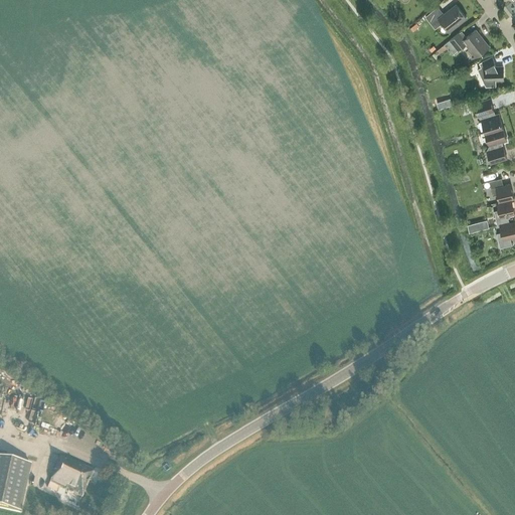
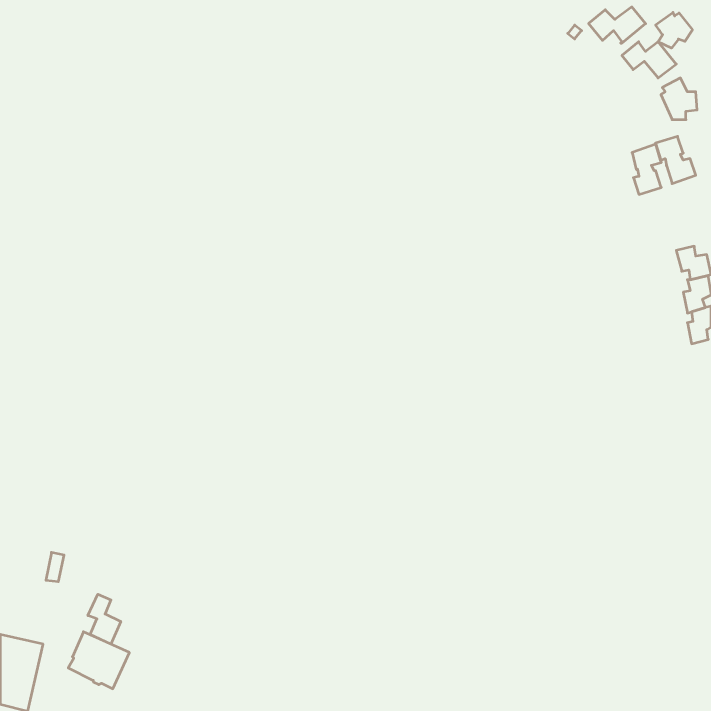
building: none -> [656,12,692,48]
building: [486,127,507,163] -> [632,144,661,194]
building: none -> [88,594,121,644]

